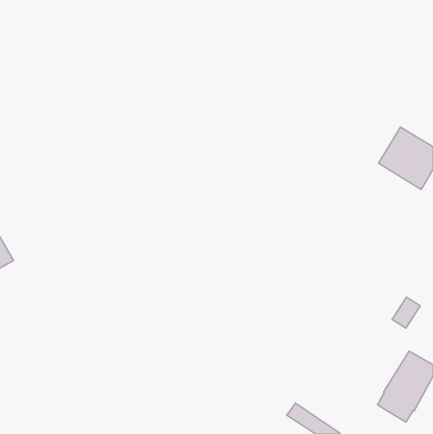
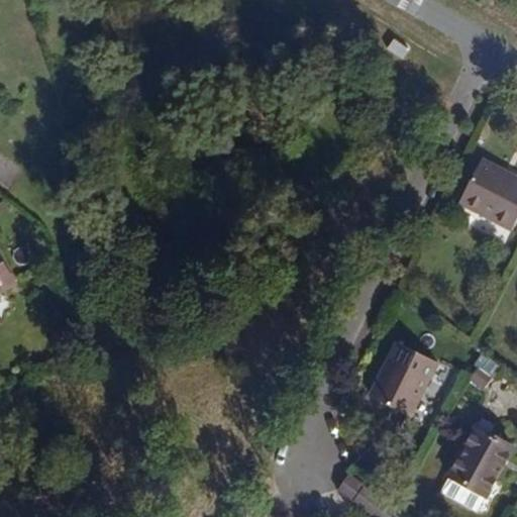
building: none -> [372,346,439,421]

